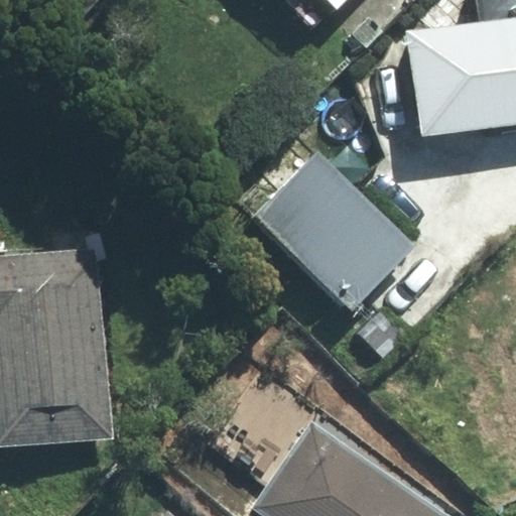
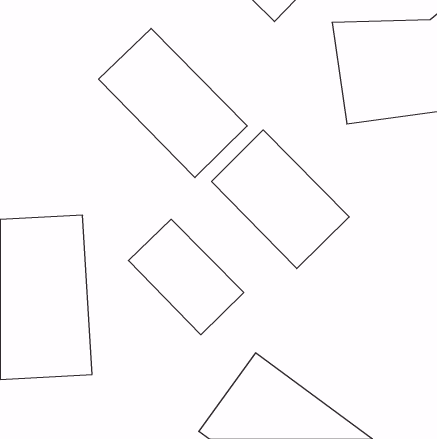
building: none -> [99,28,247,178]
building: none -> [128,219,244,335]

